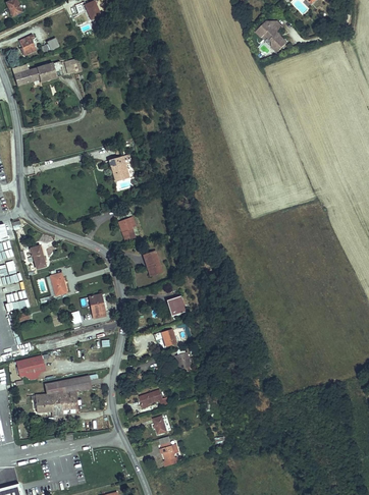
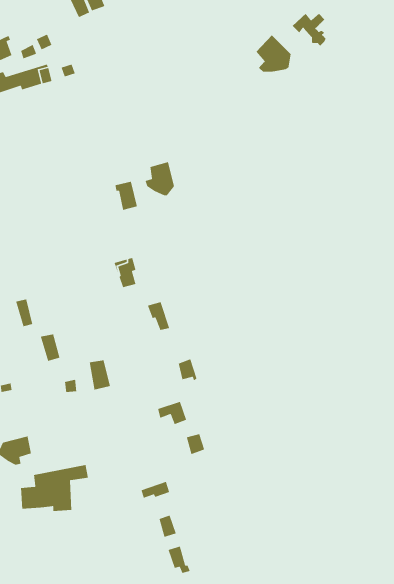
building: none -> [256,35,292,72]
building: none -> [145,161,175,196]

